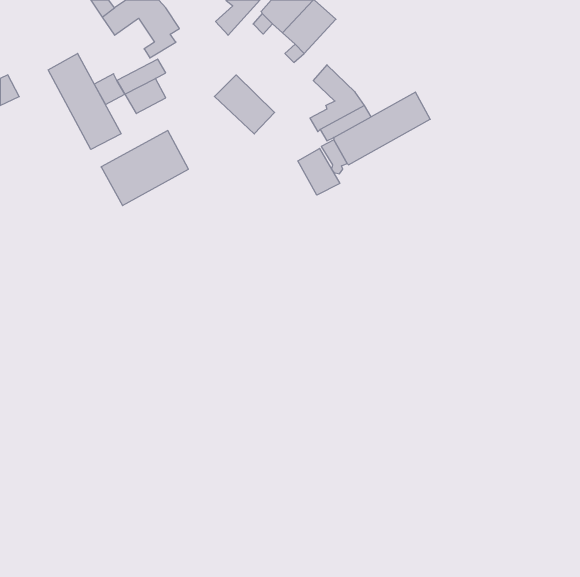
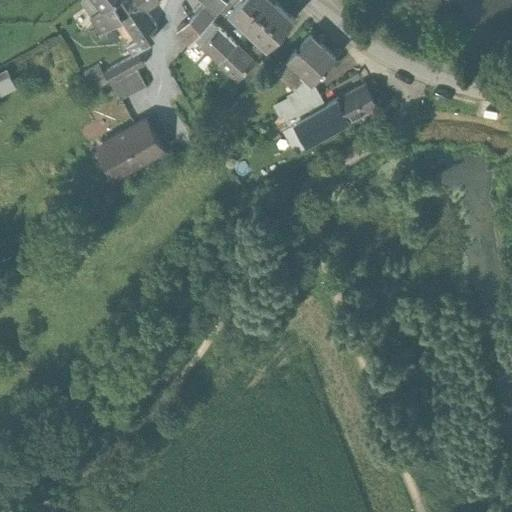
building: none -> [288,34,338,84]
building: [48,53,121,149] -> none
building: [214,75,275,134] -> [201,29,254,81]
building: [298,148,340,195] -> none

